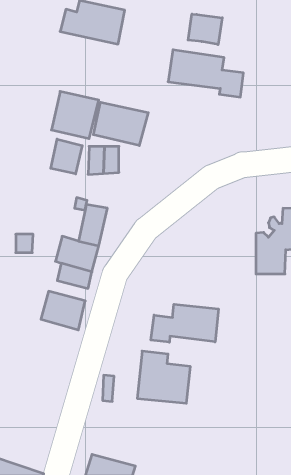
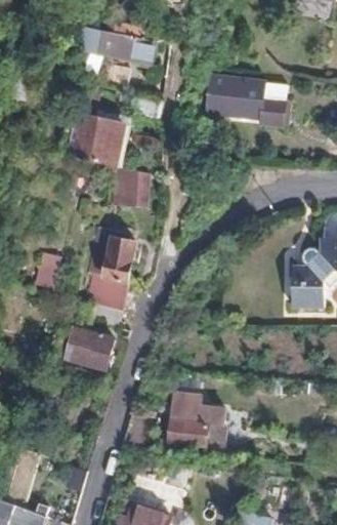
building: [188,14,222,45] -> none
building: [93,102,148,146] -> none
building: [51,139,82,174] -> none
building: [151,304,218,342] -> none

